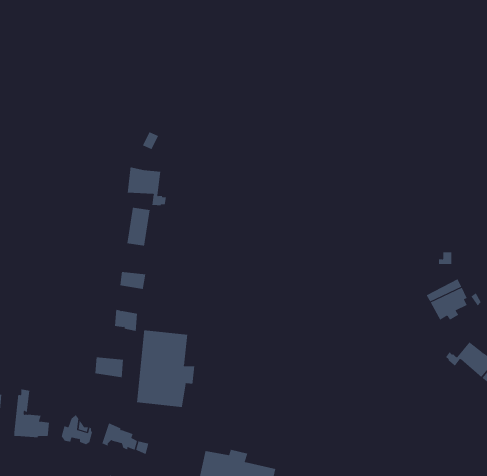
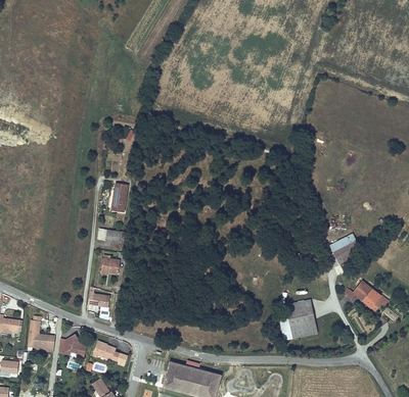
building: [127,167,166,206] -> none
building: [137,329,195,408] -> none
building: none -> [282,299,317,338]

